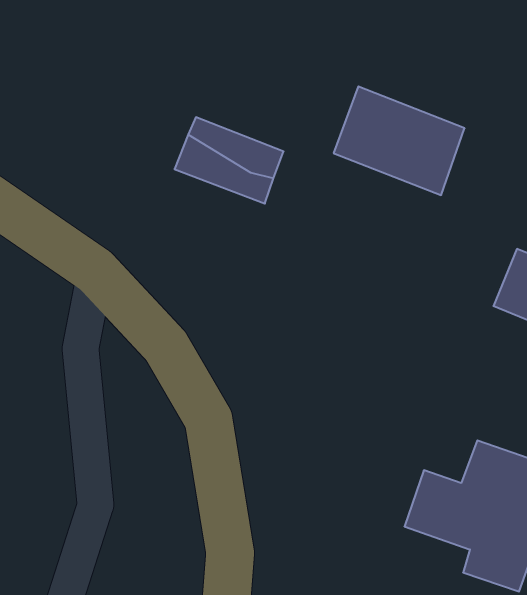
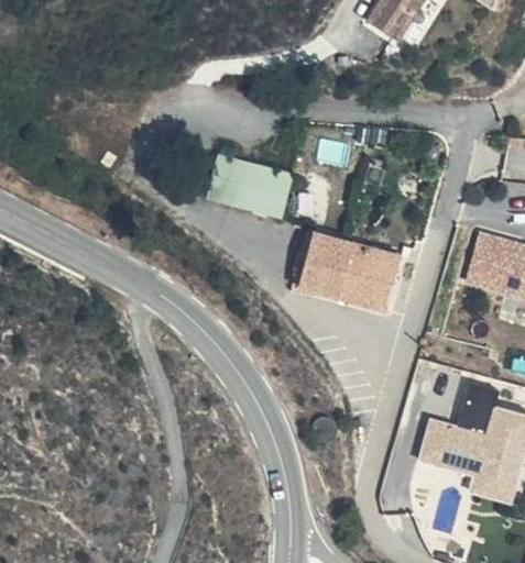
building: [334,86,465,195] -> [300,233,402,311]

